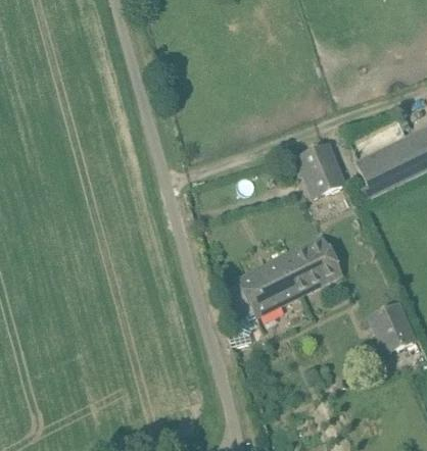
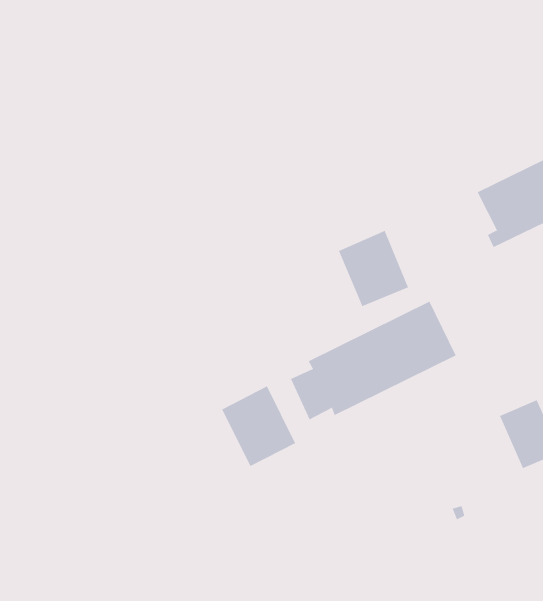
building: [298,143,347,196] -> [338,230,409,307]
building: none -> [222,386,296,467]

